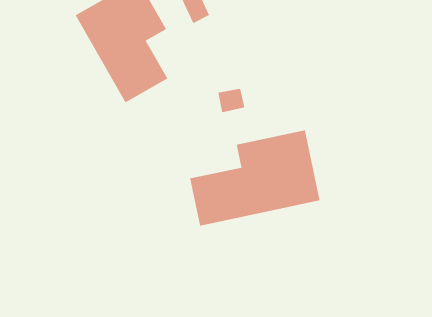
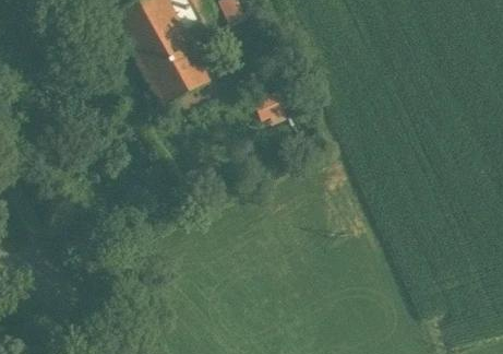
building: [190,129,320,226] -> none

